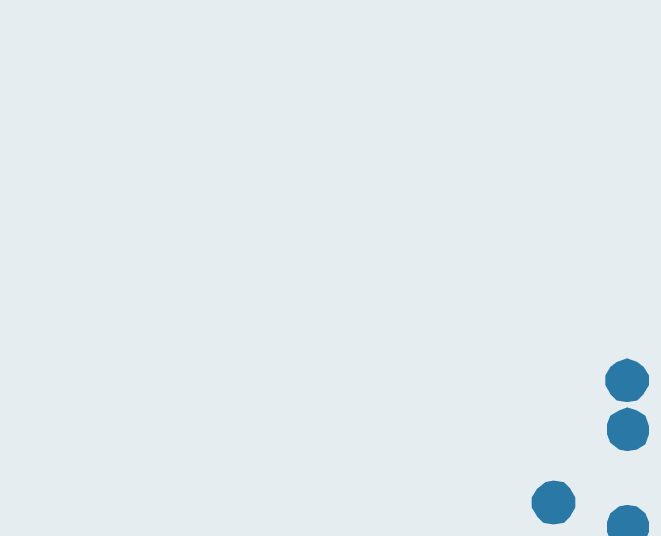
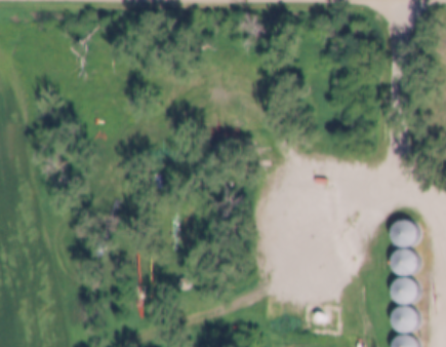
building: [531,480,576,525] -> [393,276,419,303]

